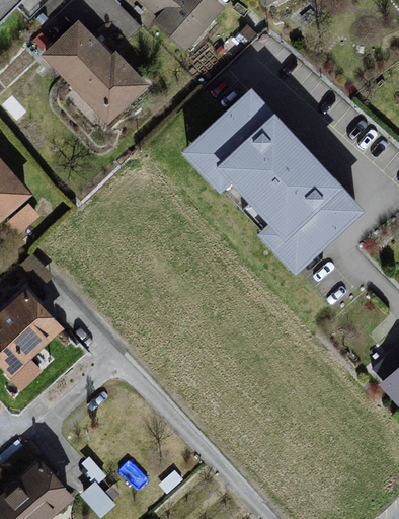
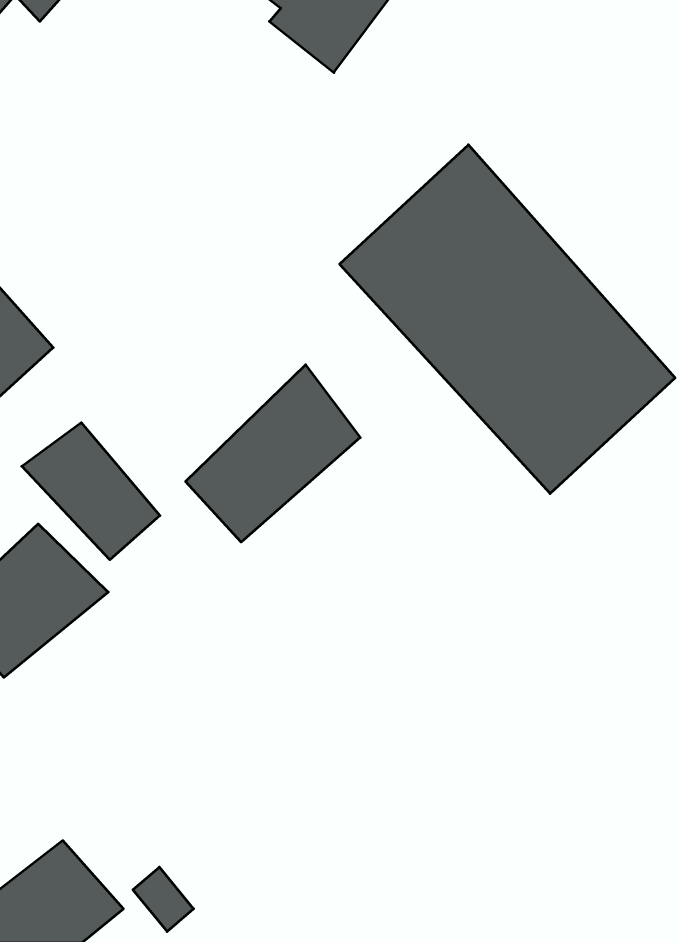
building: [37,18,146,126] -> none
building: none -> [186,365,360,542]
building: none -> [22,423,160,560]

